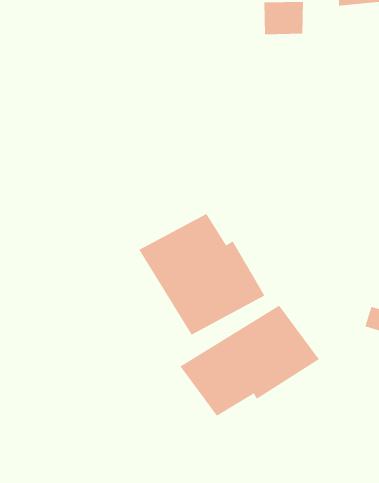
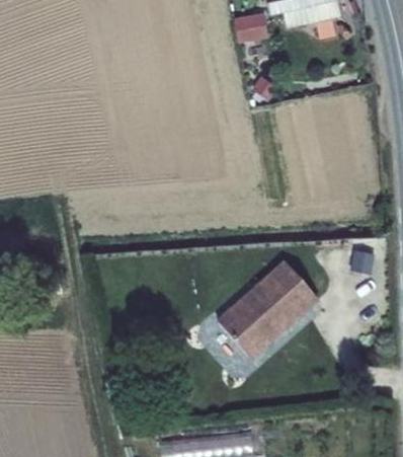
building: [139,213,265,336] -> none

